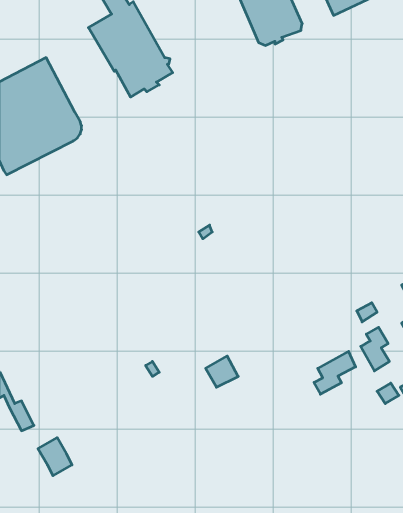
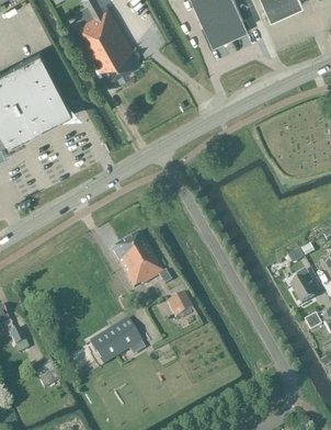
building: none -> [112,234,171,288]
building: [314,351,356,394] -> none
building: none -> [90,320,141,365]

